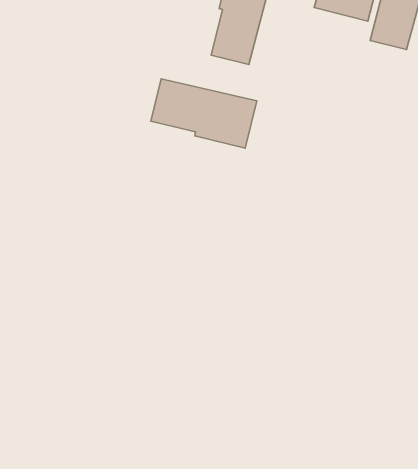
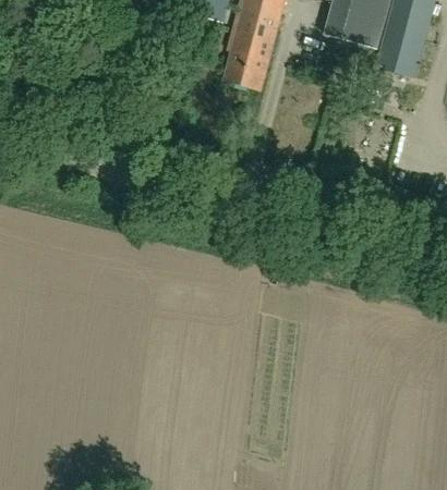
building: [151,79,257,148] -> none

